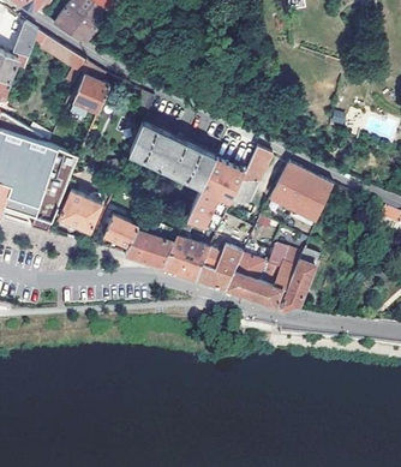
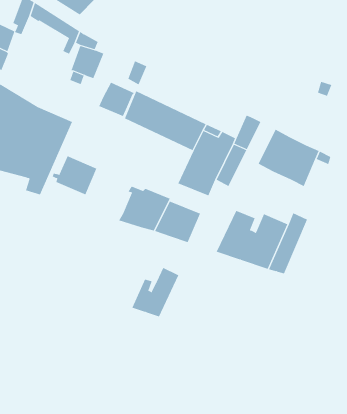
building: none -> [98,82,135,117]
building: [102,215,137,247] -> none
building: [196,237,245,288] -> [132,267,179,317]

